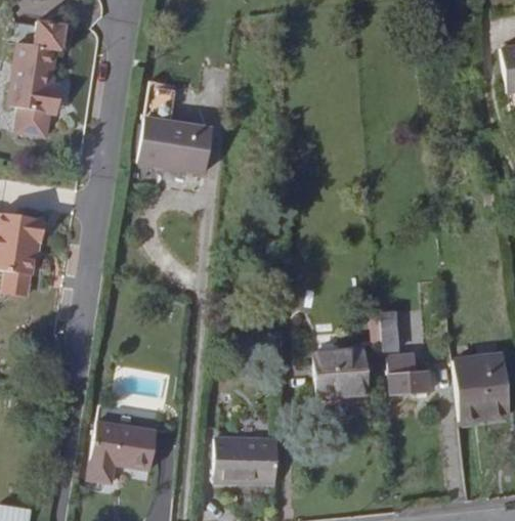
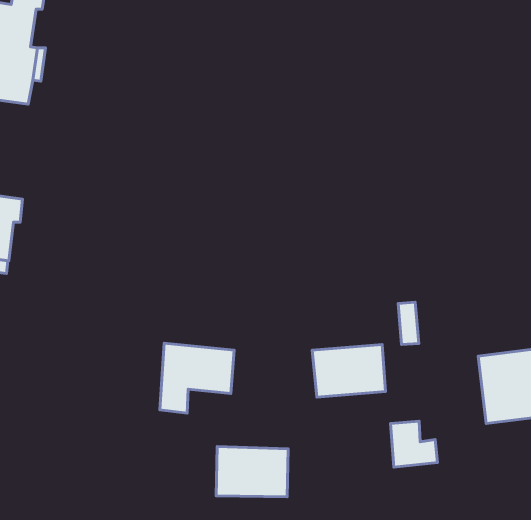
building: [137,94,208,170] -> none
building: [388,351,430,392] -> [391,421,437,467]
building: [89,424,156,486] -> [160,343,234,413]

